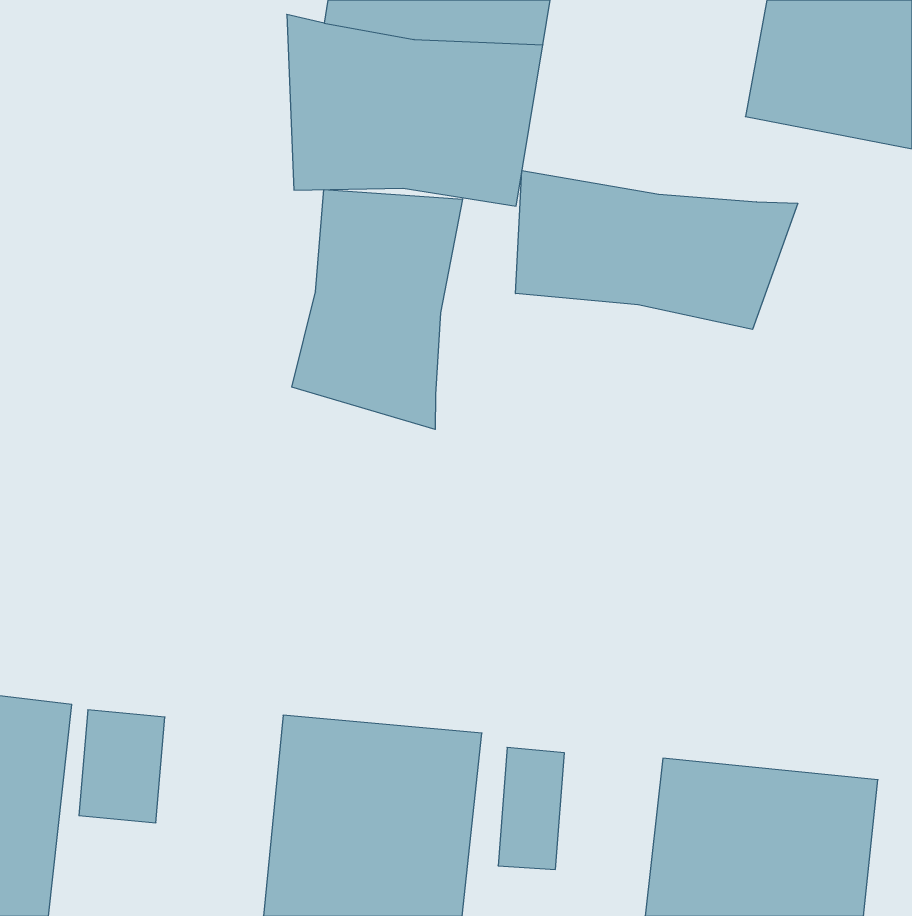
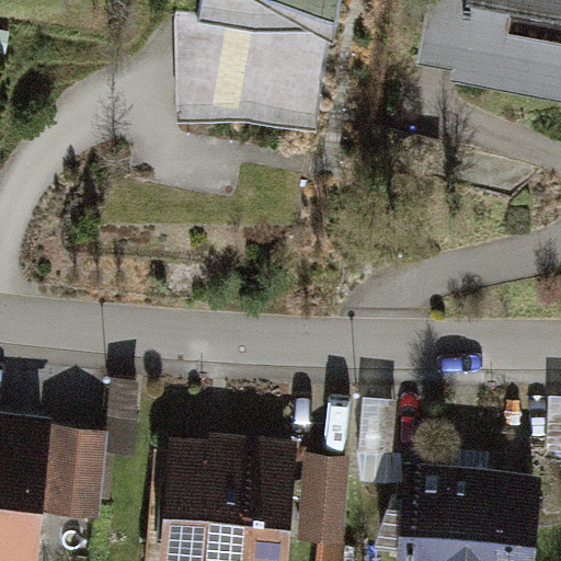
building: [516,170,798,329] -> none
building: [292,190,463,429] -> none

